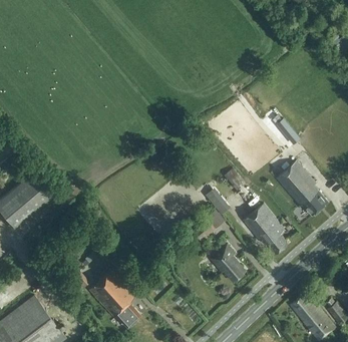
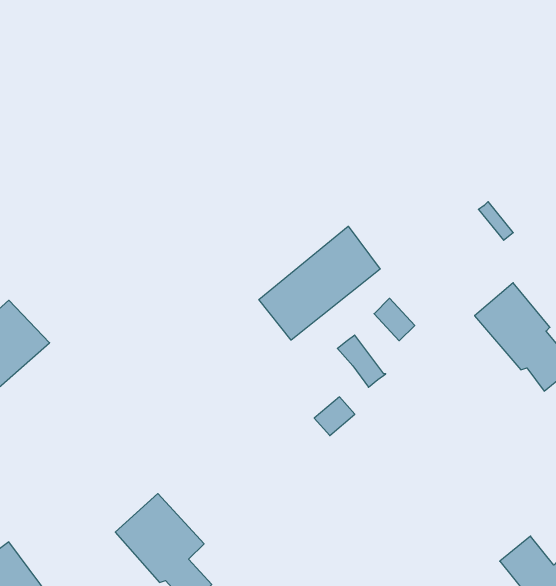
building: none -> [259,226,380,340]
building: [243,204,289,254] -> none
building: [211,245,244,281] -> none

